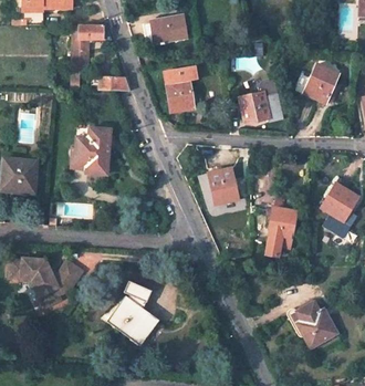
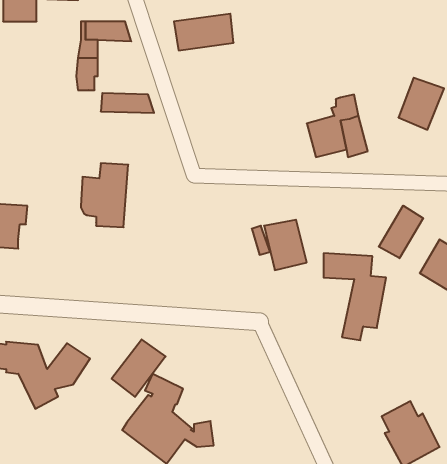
building: [166,67,198,113] -> none
building: none -> [379,206,423,258]
building: none -> [112,339,166,397]

